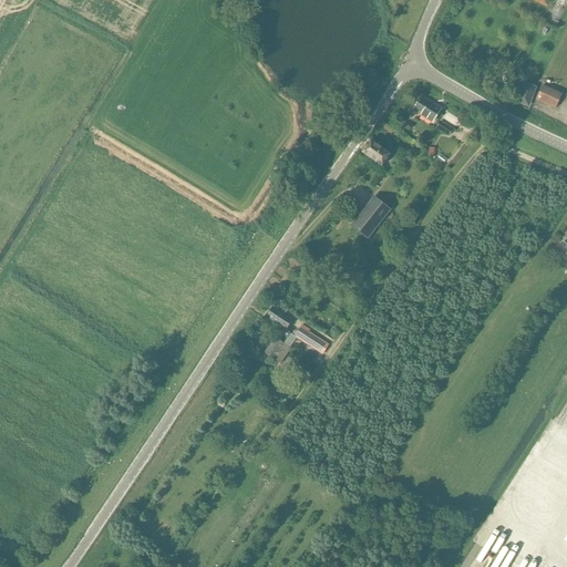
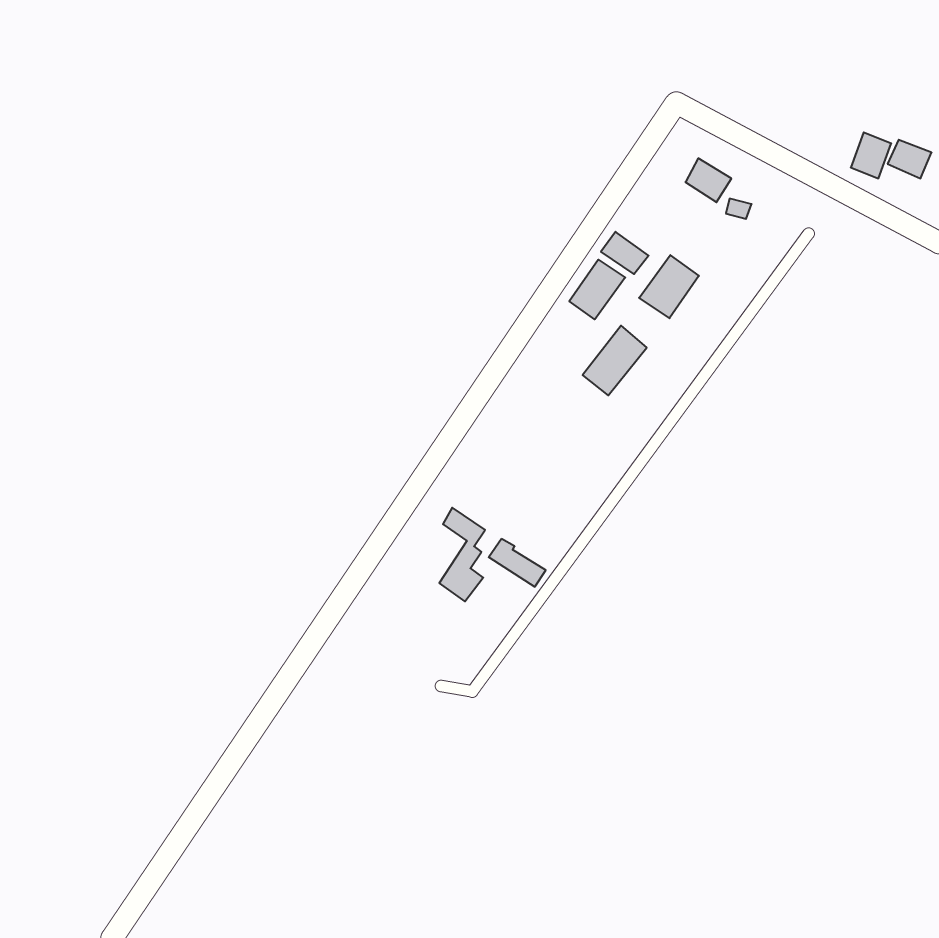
building: none -> [639,255,699,318]
building: none -> [569,260,625,319]

